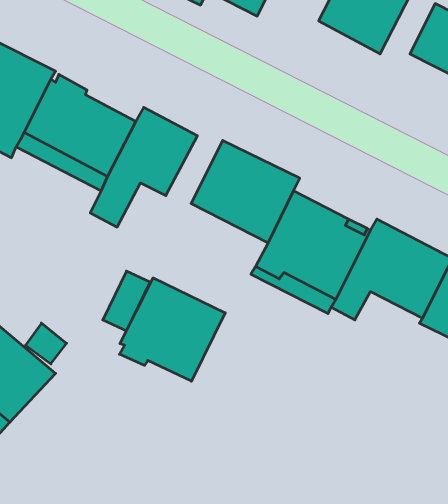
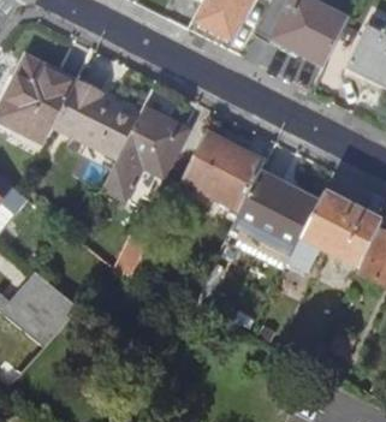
building: [119,278,225,381] -> none

